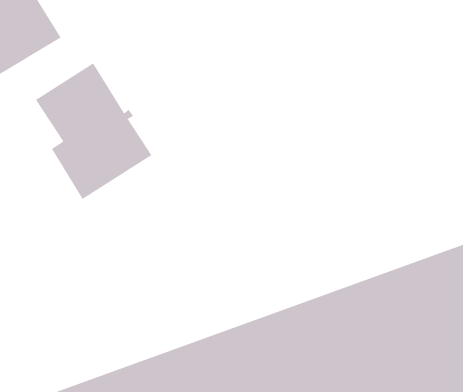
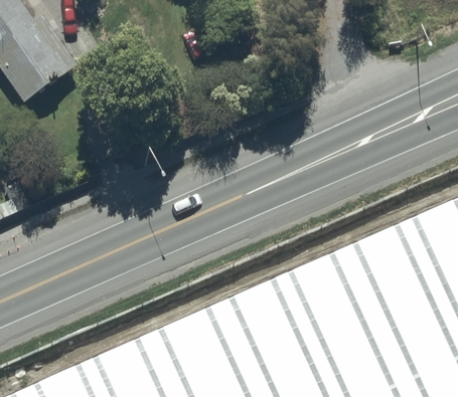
building: [35,63,152,200] -> none

